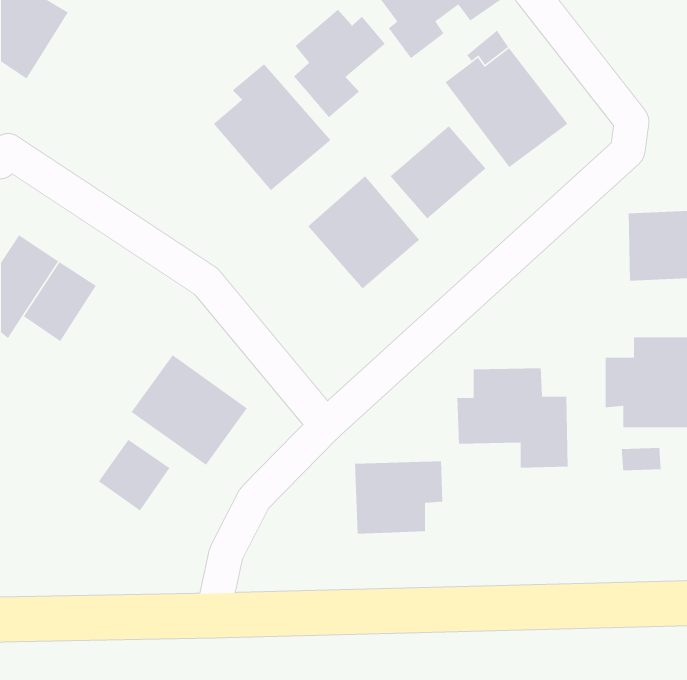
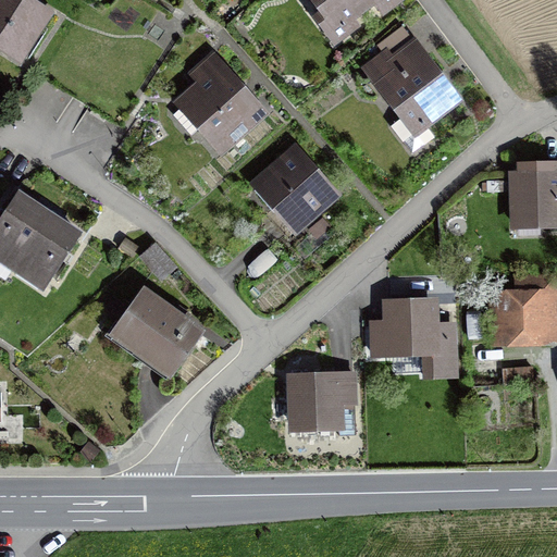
building: [293,9,386,118] -> none
building: [390,125,487,220] -> none
building: [98,439,170,512] -> none

